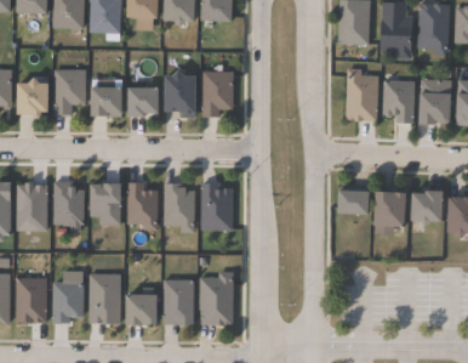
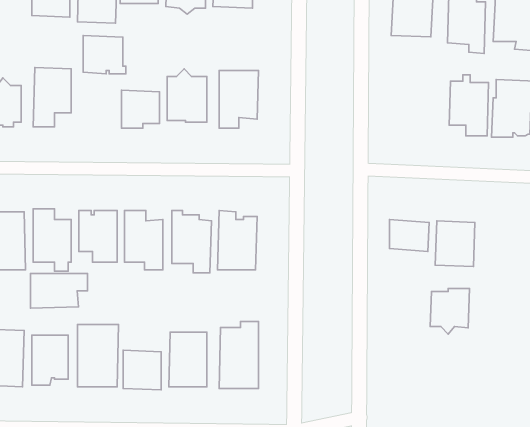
building: [347,68,379,121] -> none
building: [86,86,120,117] -> [83,36,126,74]
building: [410,191,441,227] -> [430,288,470,334]
building: none -> [30,274,88,308]

